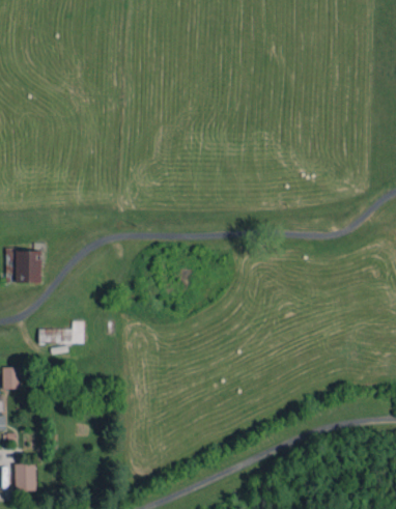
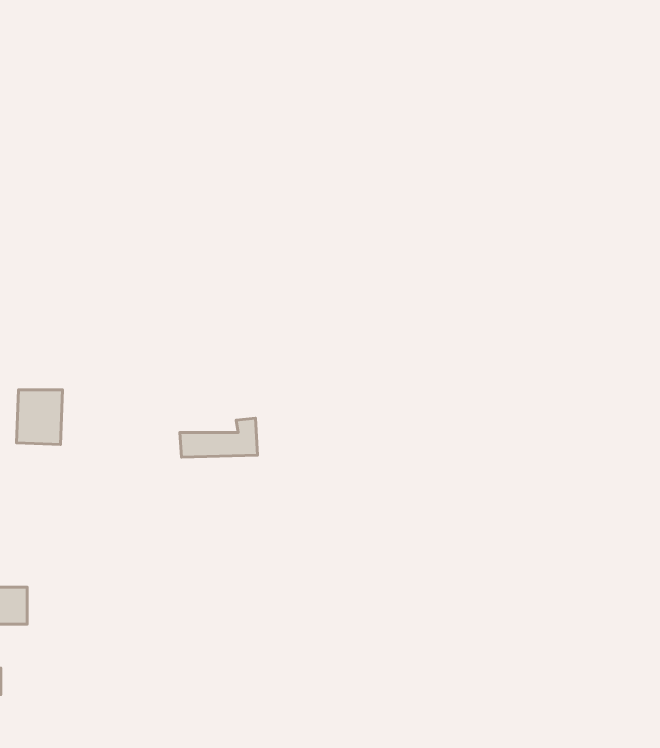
building: [38,320,84,343] -> [180,418,257,457]

